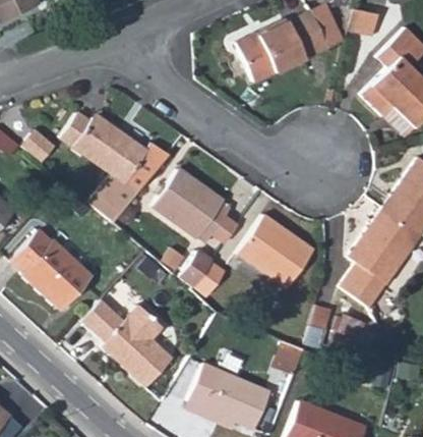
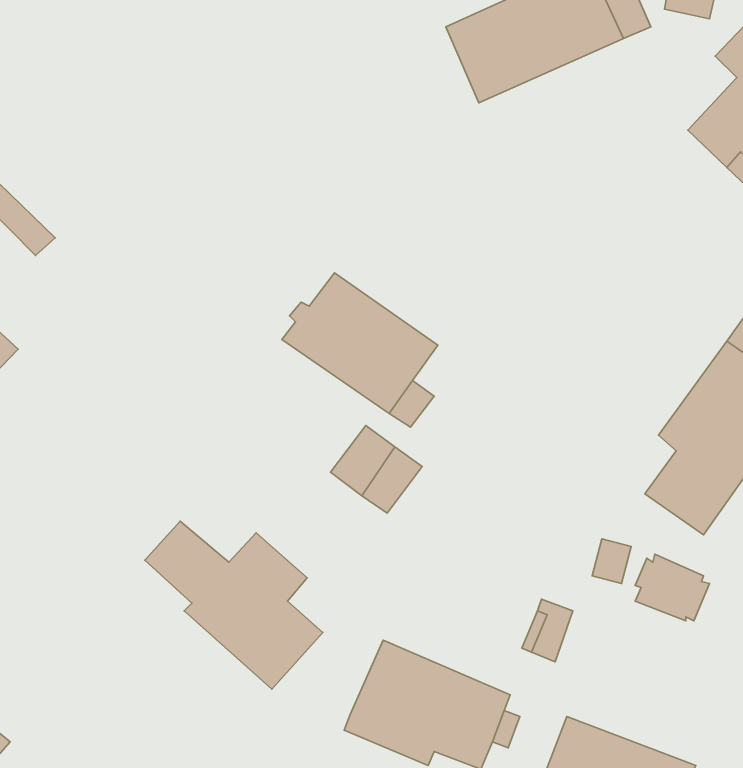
building: [61,114,170,223] -> none
building: [236,214,314,287] -> none
building: [10,230,92,310] -> none

